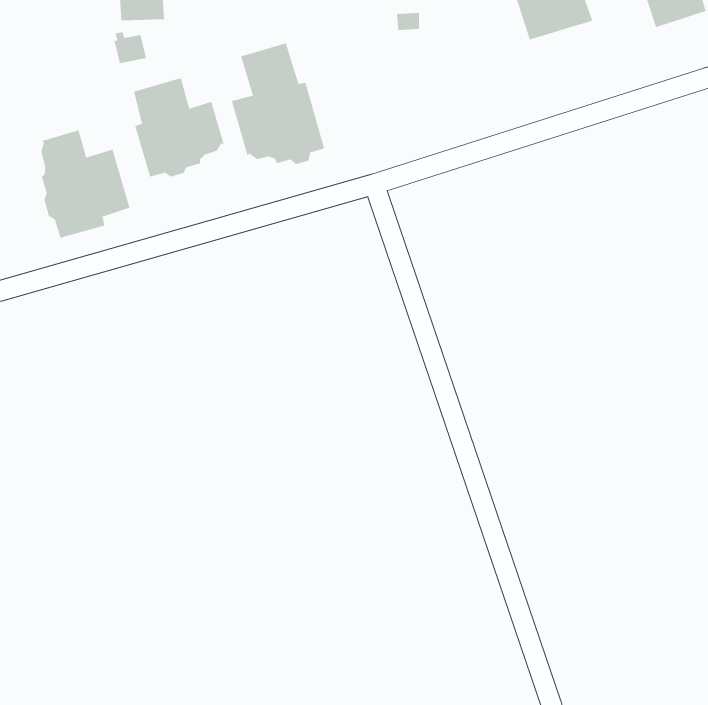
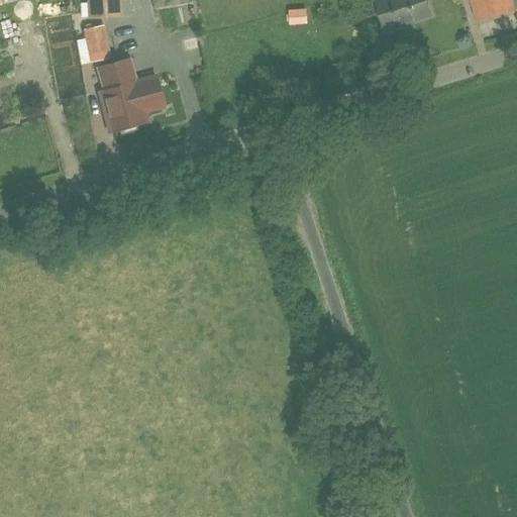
building: [231,42,325,165] -> none
building: [41,130,130,239] -> none

